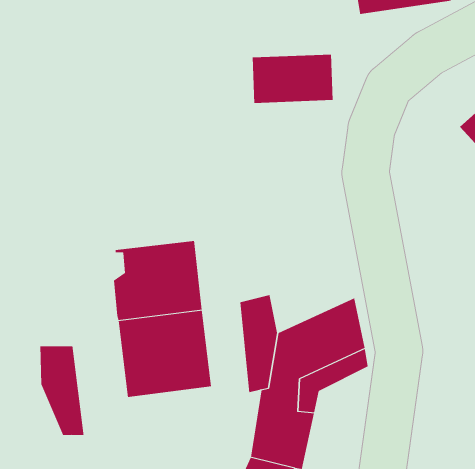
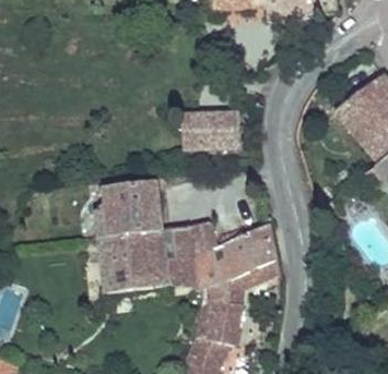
building: [252,54,333,103] -> [181,114,239,149]
building: [40,346,84,436] -> none

